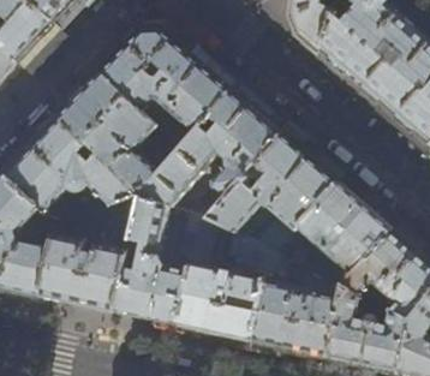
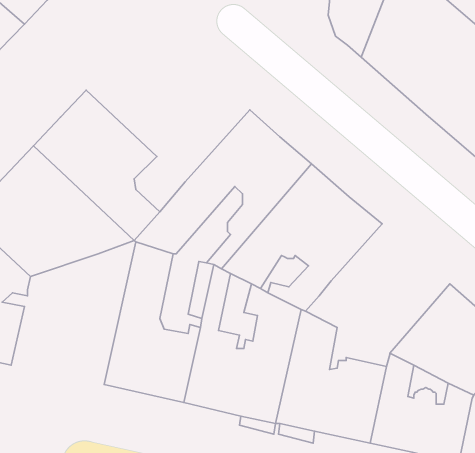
building: [98,29,229,148] -> none
building: [274,181,389,285] -> none
building: [38,195,138,310] -> none

